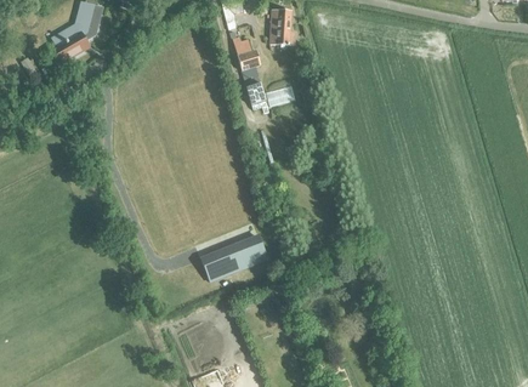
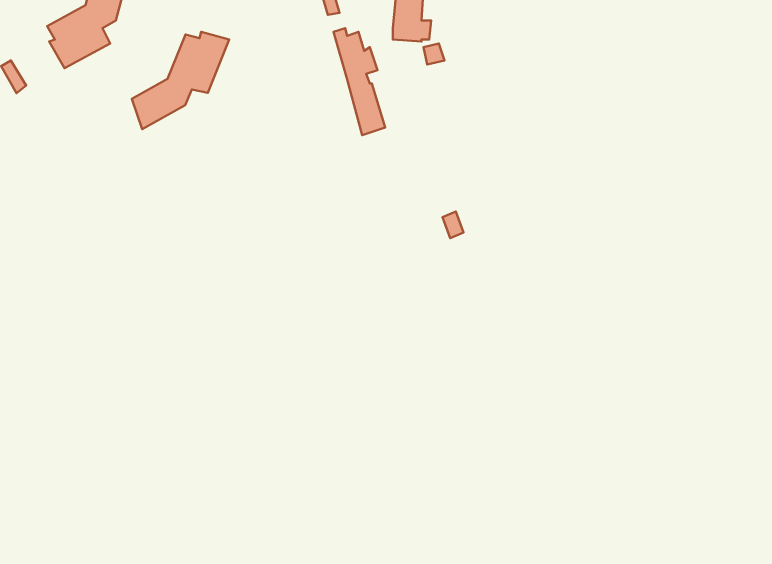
building: none -> [132,32,229,129]
building: [204,233,266,280] -> none

